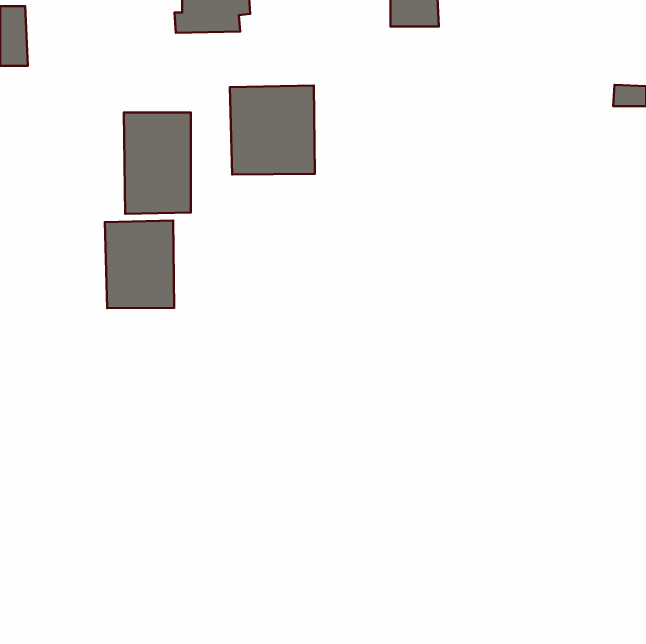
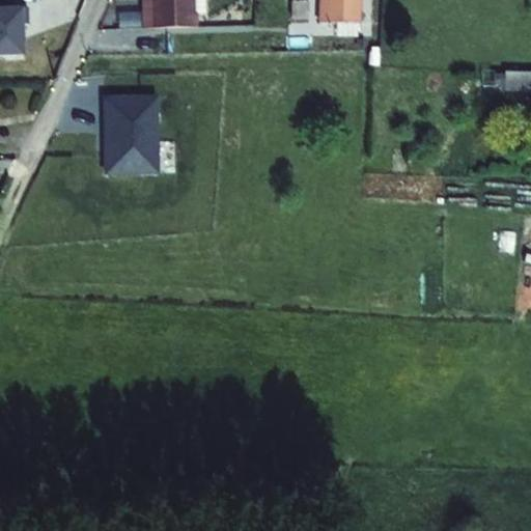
building: [230,86,315,174] -> none
building: [105,221,174,308] -> none

